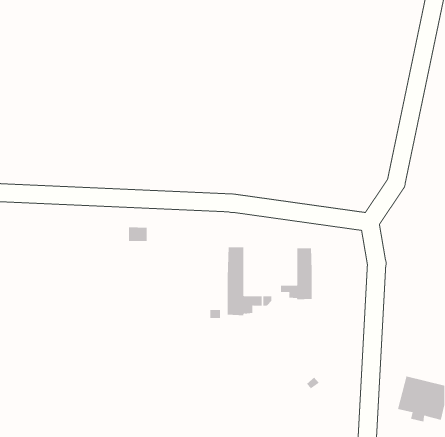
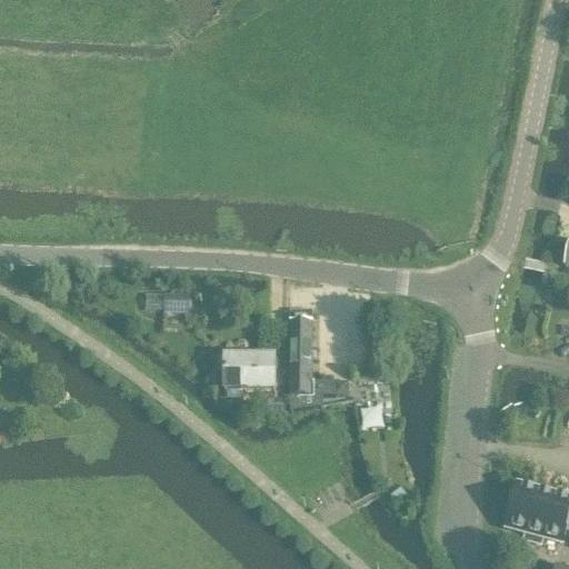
building: [280,248,312,300] -> none
building: none -> [224,352,274,386]

